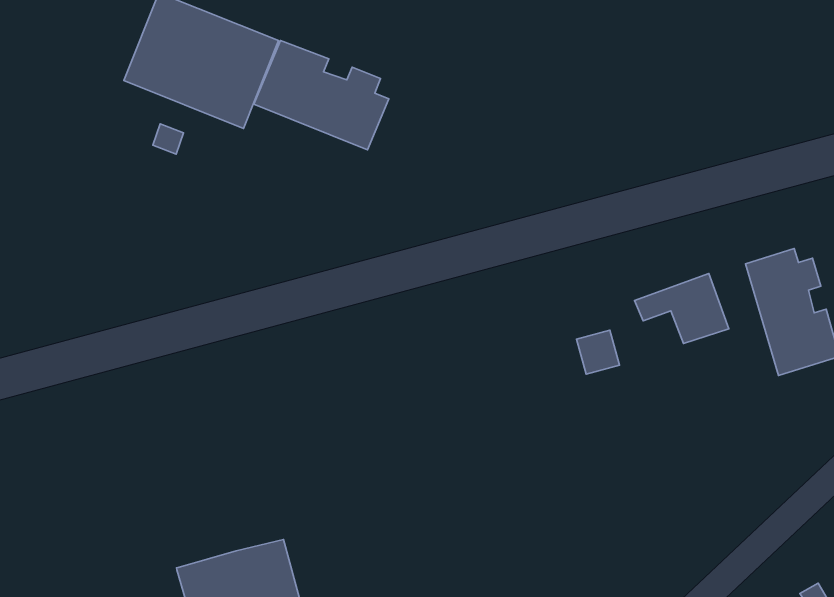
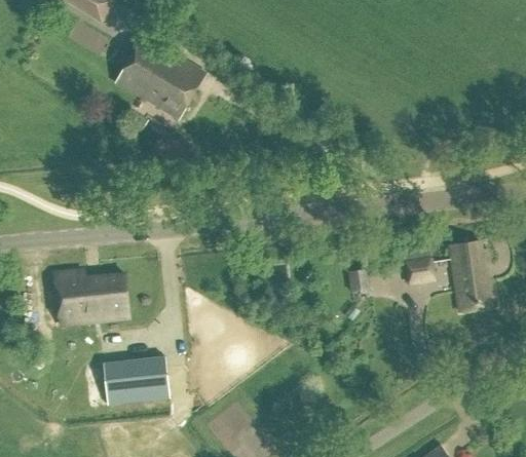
building: [254,40,389,150] -> none
building: none -> [54,269,128,323]

